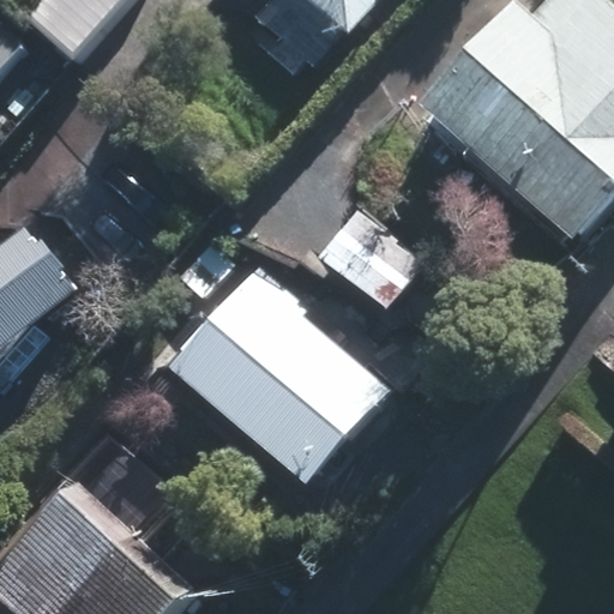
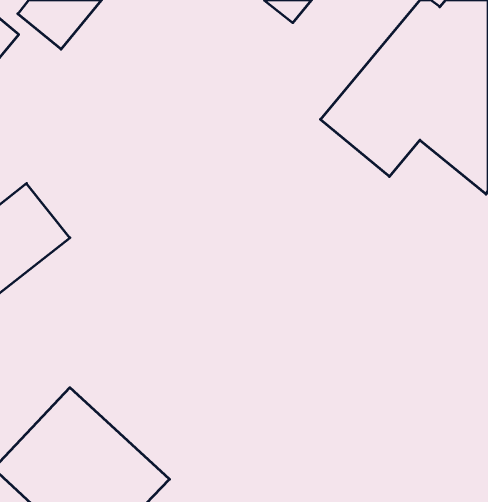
building: [170,267,397,480] -> none

